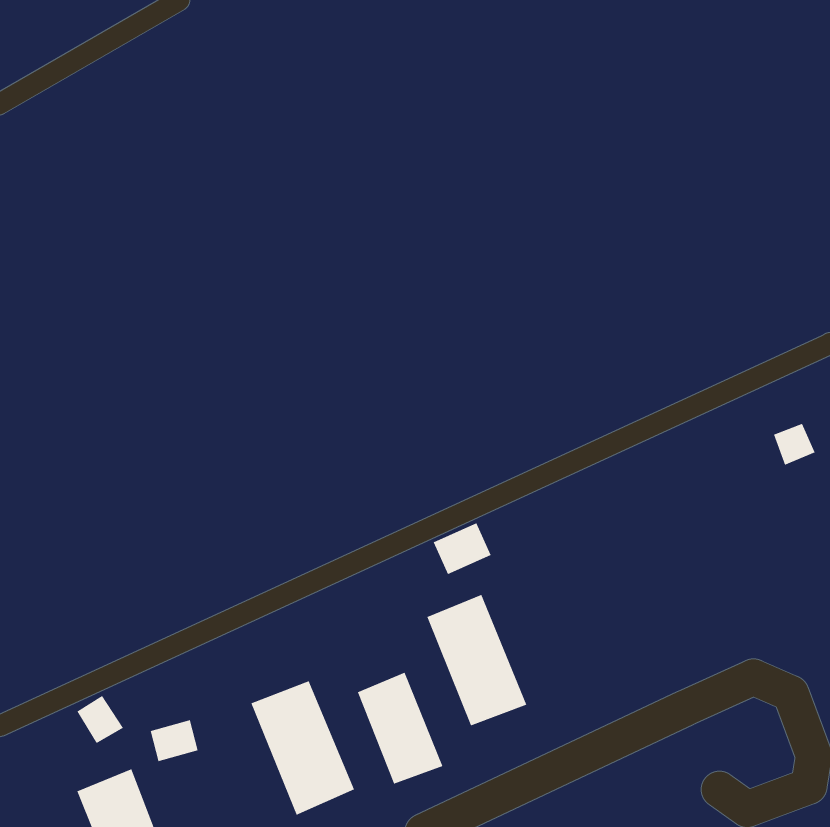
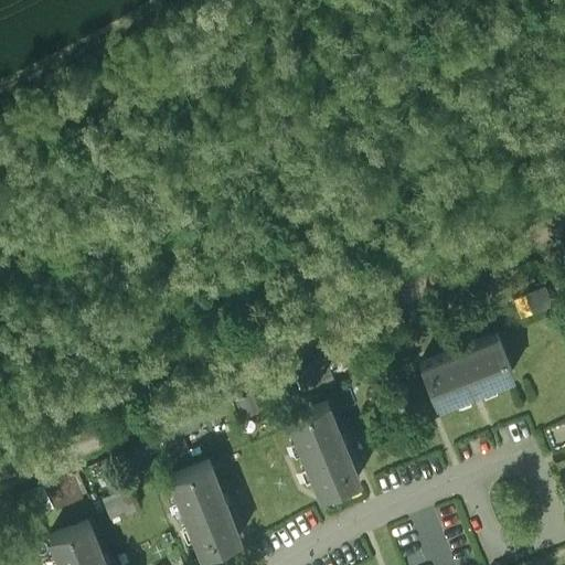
building: none -> [420,338,510,407]
building: [357,672,443,785] -> none

